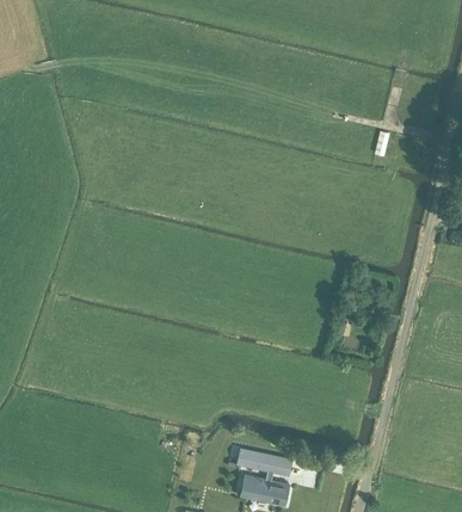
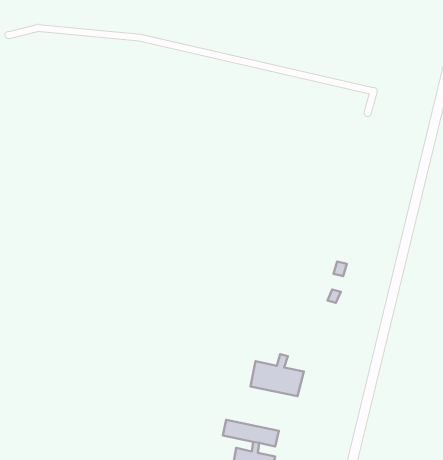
building: none -> [251,354,304,396]

